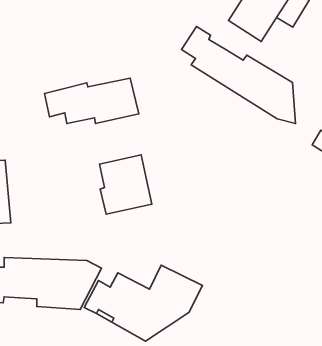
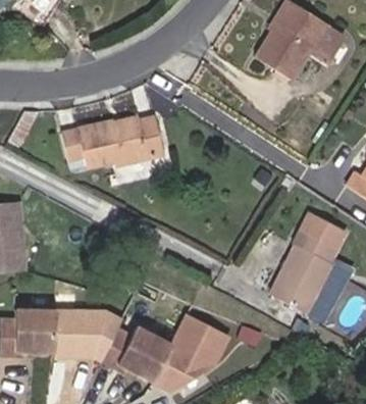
building: [182,27,295,123] -> none
building: [99,155,152,214] -> none
building: none -> [270,212,347,312]

